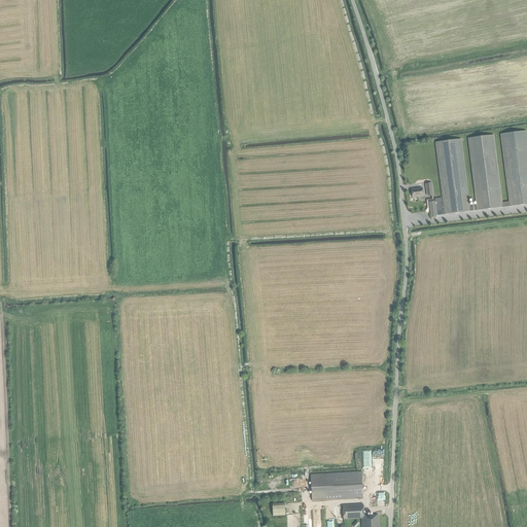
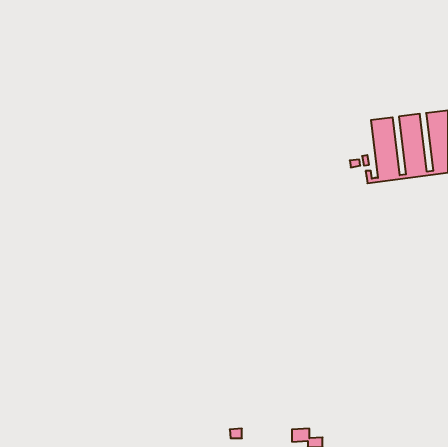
building: [310,470,362,500] -> none

